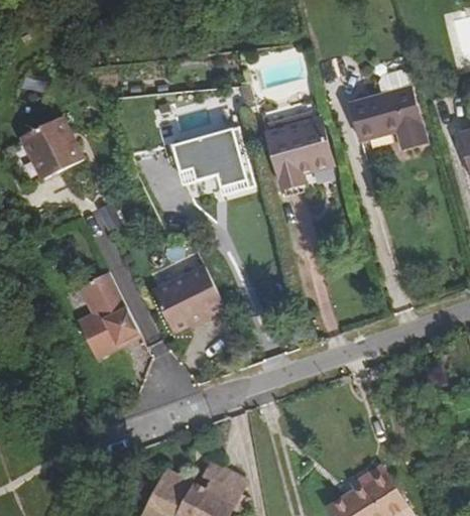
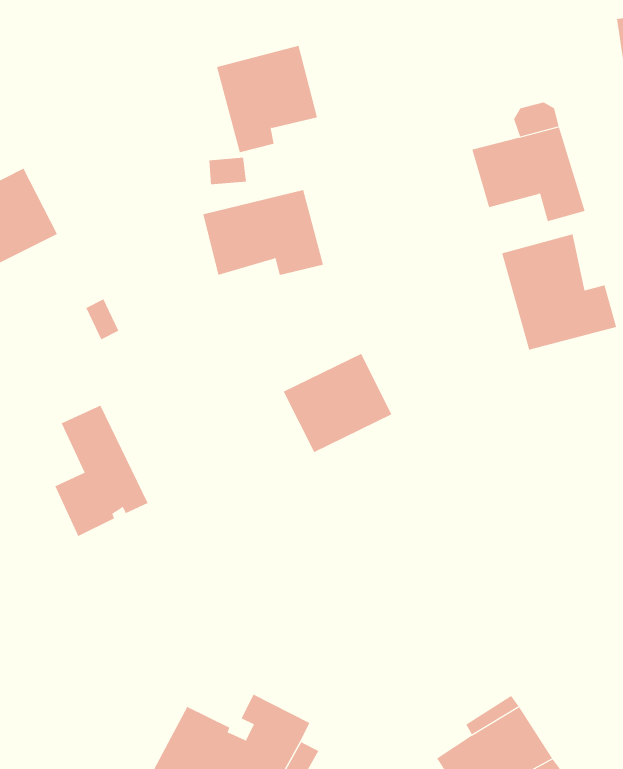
building: [266,119,333,189] -> [216,45,318,153]
building: none -> [501,233,617,350]
building: [152,266,224,332] -> [283,353,392,453]

